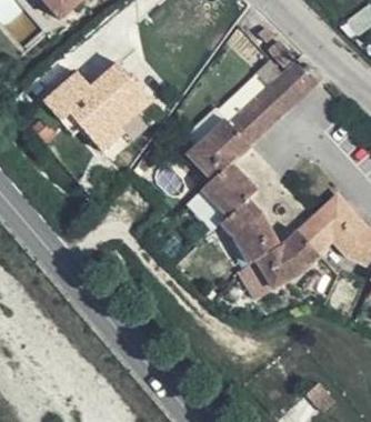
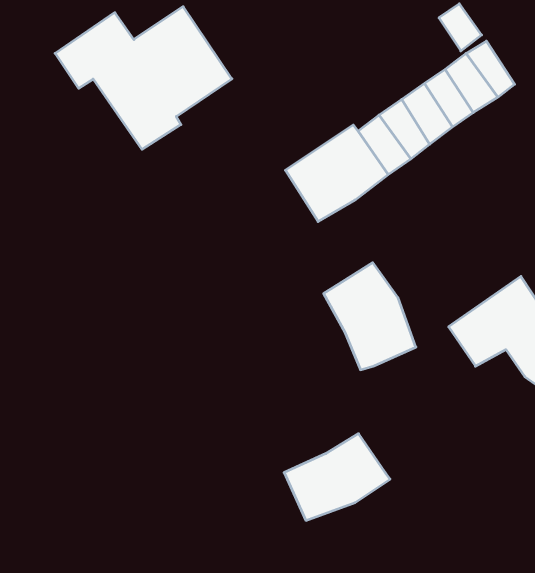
building: [203,163,258,215] -> none
building: [257,231,320,287] -> [284,434,390,520]

